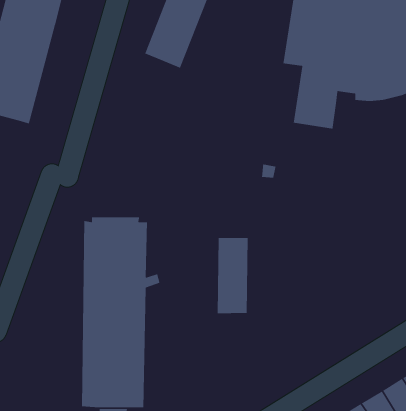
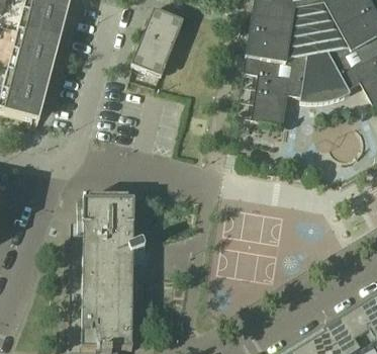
building: [217,237,249,314] -> none

